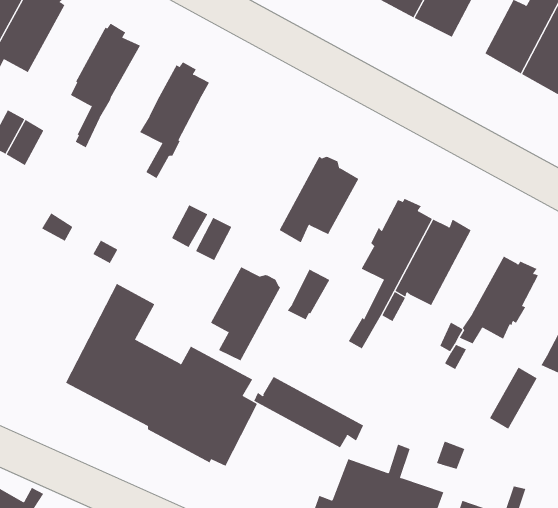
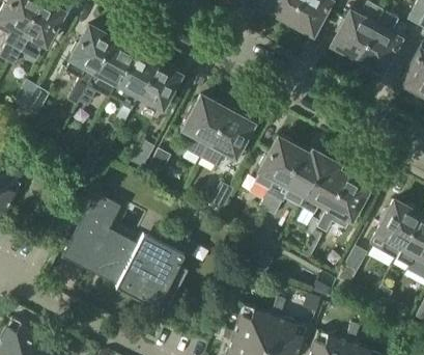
building: none -> [79,38,135,106]
building: none -> [137,62,179,112]
building: none -> [300,158,346,214]
building: [210,267,281,361] -> [181,97,227,158]
building: [253,376,364,448] -> none

